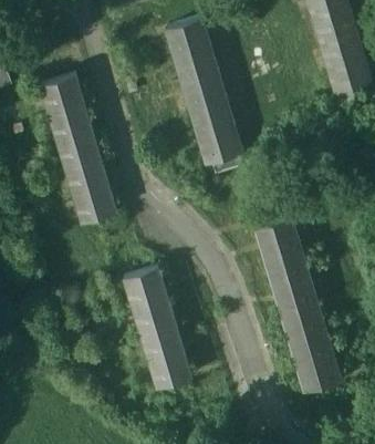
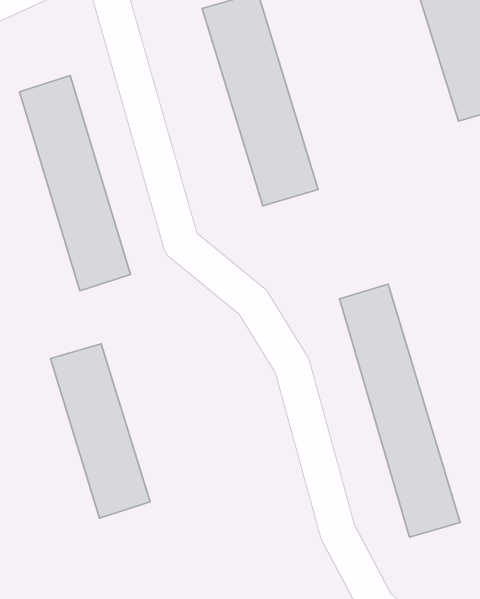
building: [124,269,191,388] -> [51,344,150,518]

